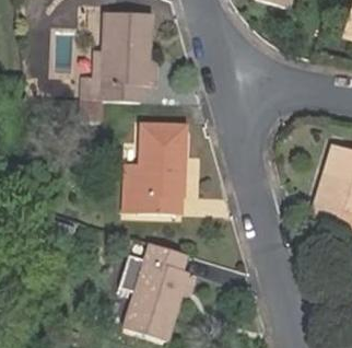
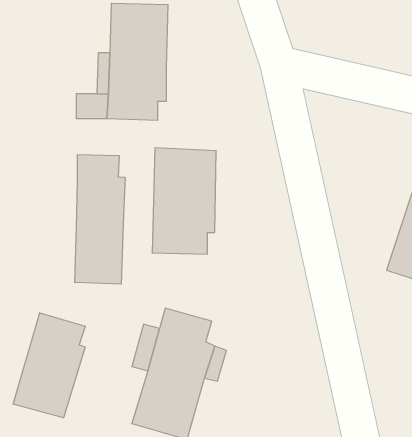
building: none -> [75,155,125,284]
building: none -> [13,313,85,418]

